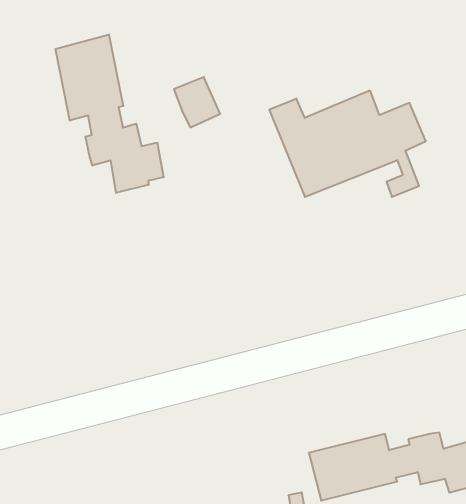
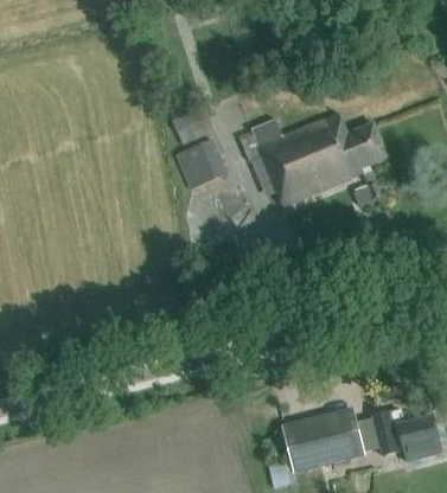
building: [56,34,164,193] -> none
building: none -> [175,137,228,188]

